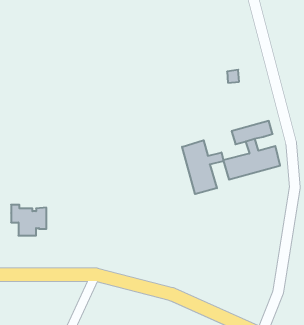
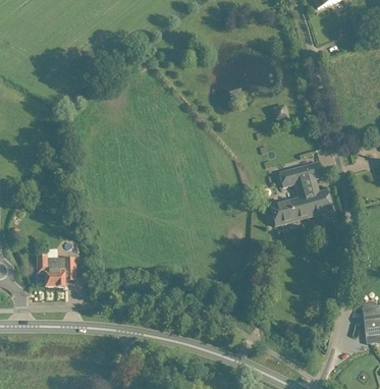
building: [182,140,224,194] -> none

